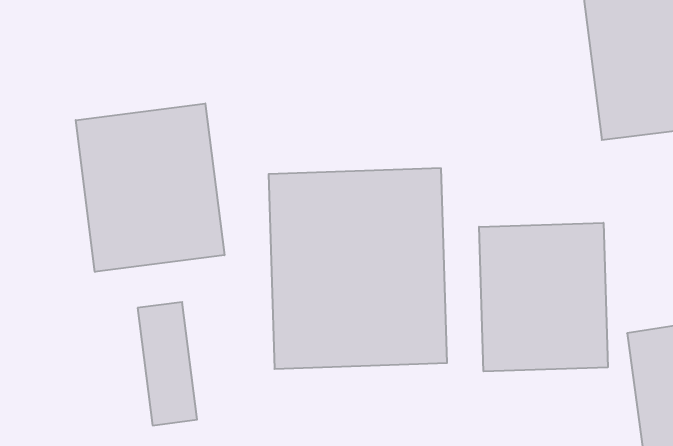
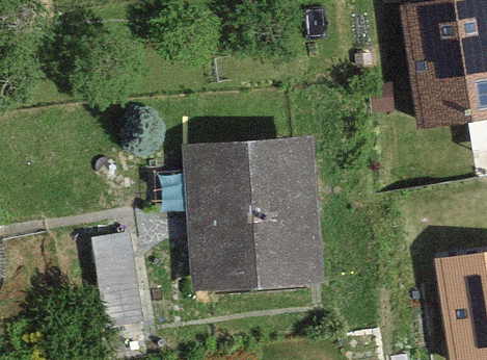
building: [76,103,224,272] -> none
building: [479,223,608,371] -> none

